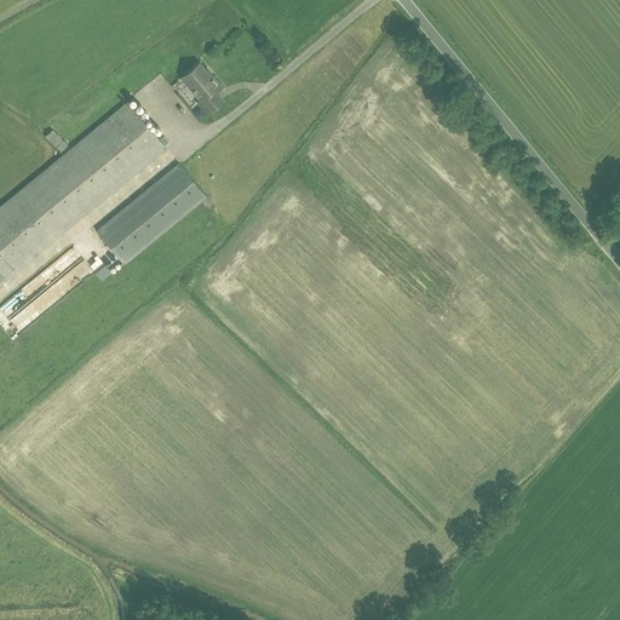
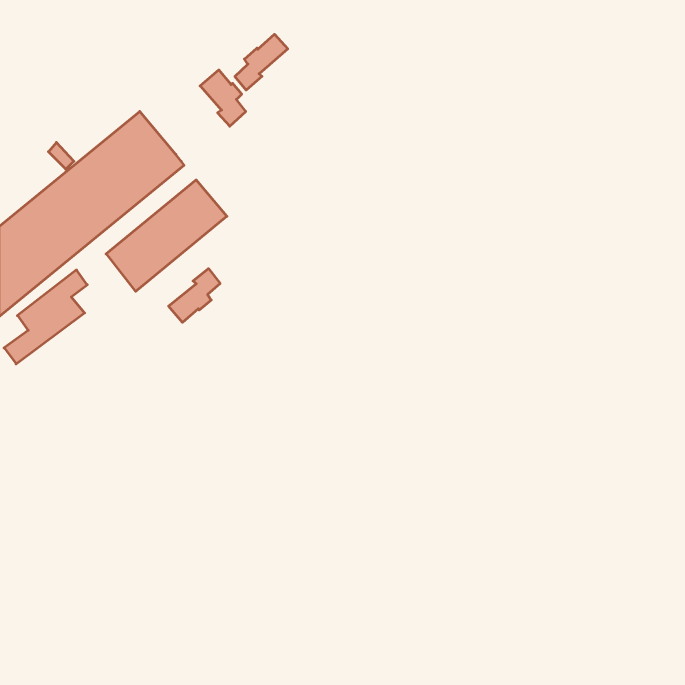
building: none -> [235,34,288,90]
building: none -> [169,269,220,322]

